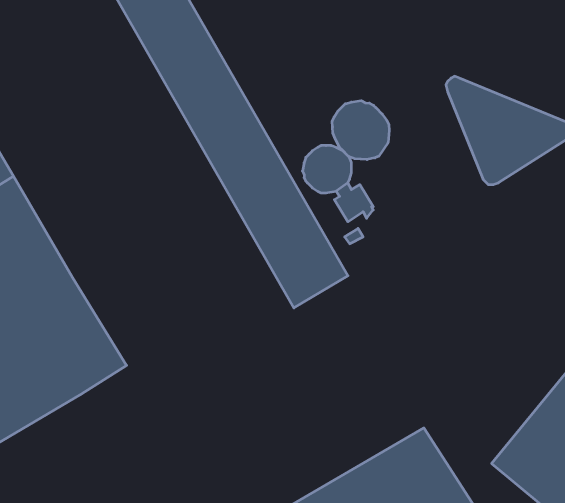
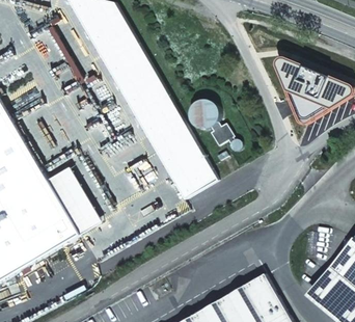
building: [332,101,389,160] -> none
building: none -> [47,168,101,235]

